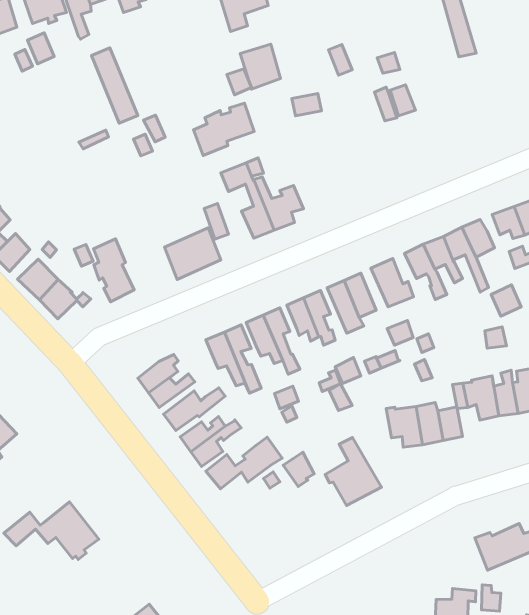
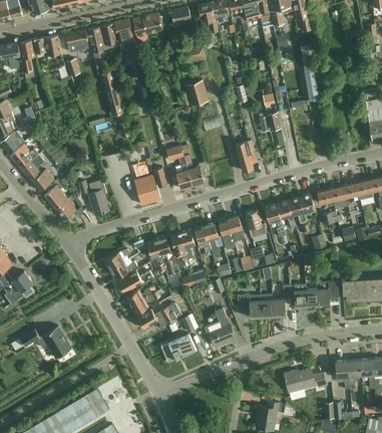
building: [193,103,254,156] -> none
building: none -> [236,140,257,172]
building: none -> [161,335,197,363]

